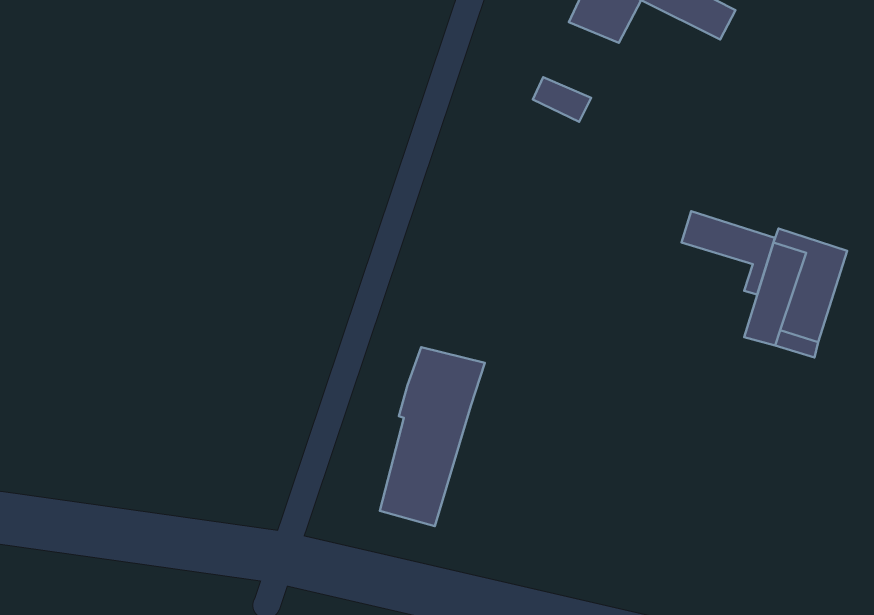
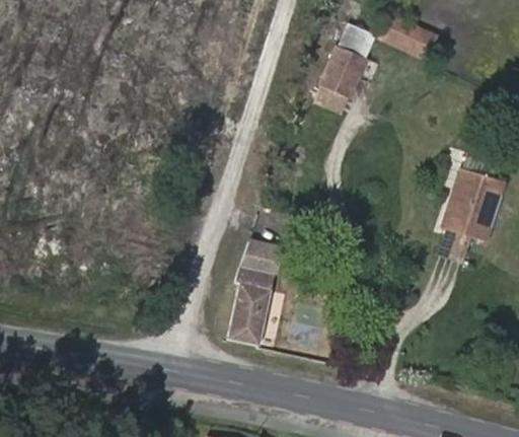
building: none -> [322,47,367,91]
building: [681,211,775,294] -> none

